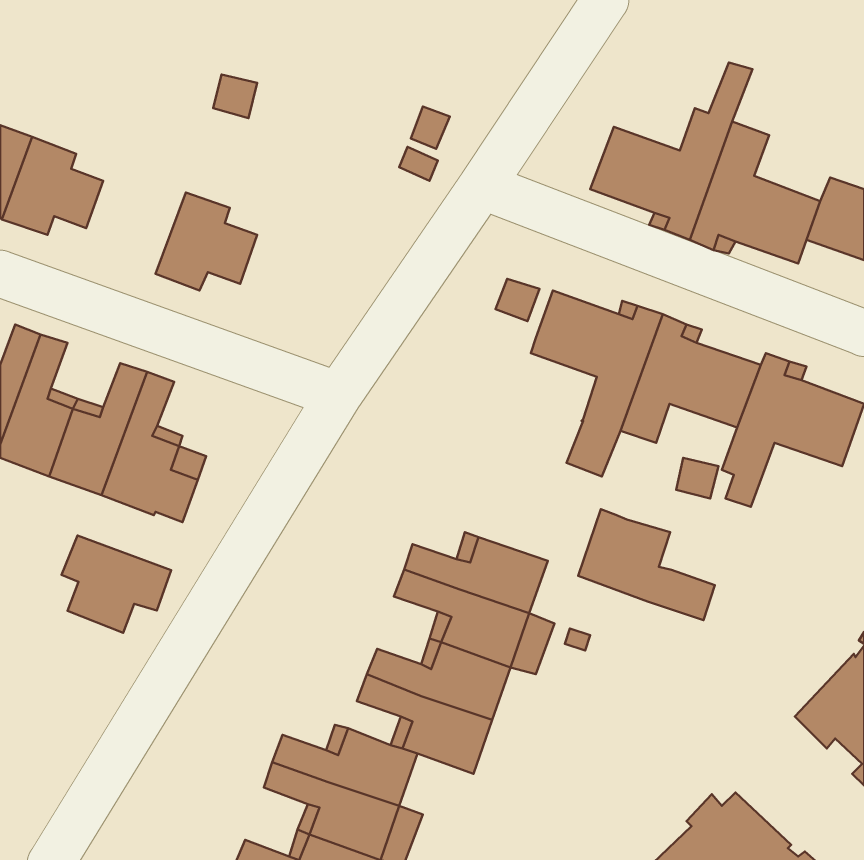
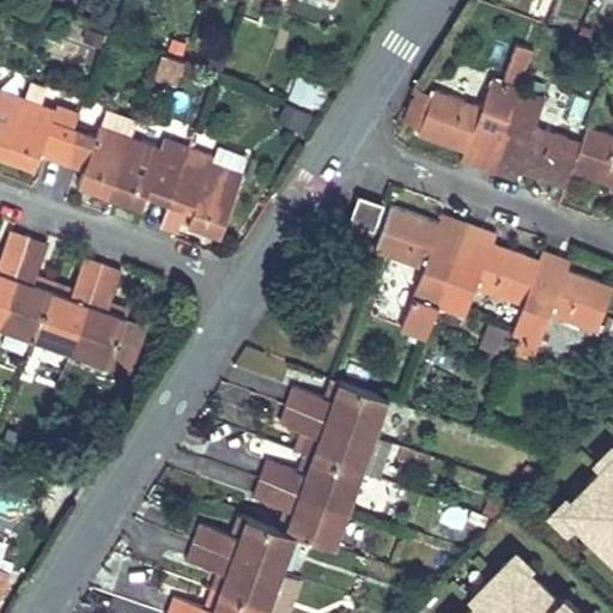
building: none -> [61,110,138,196]
building: none -> [170,150,243,237]
building: [578,509,715,620] -> none
building: [61,535,171,633] -> none

